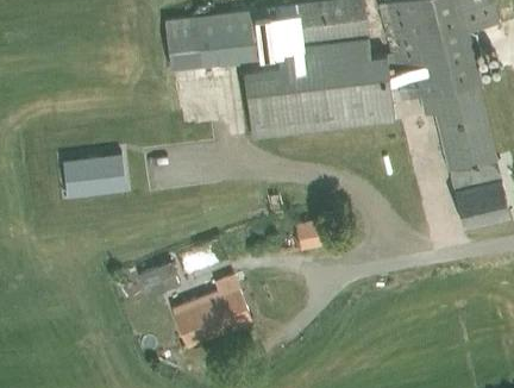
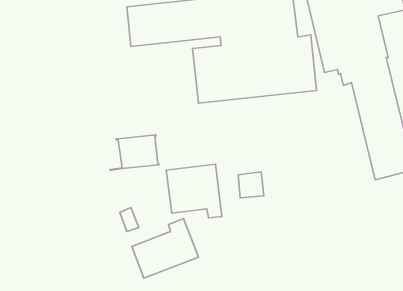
building: [67,155,125,198] -> [110,135,159,171]
building: none -> [166,164,222,218]

